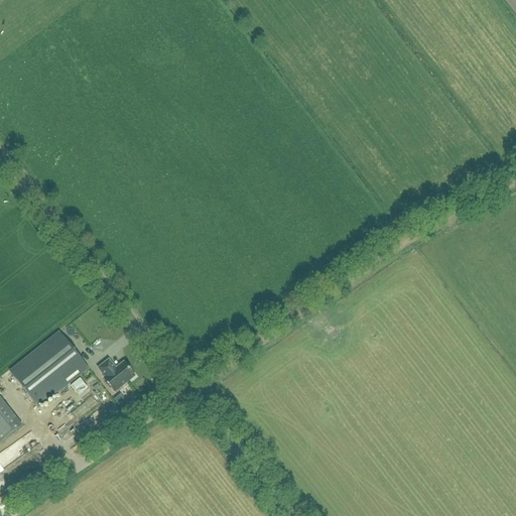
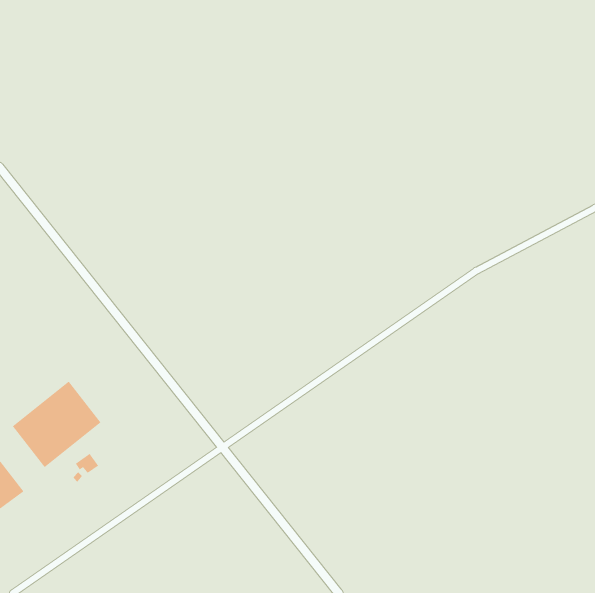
building: [98,357,135,389] -> none

